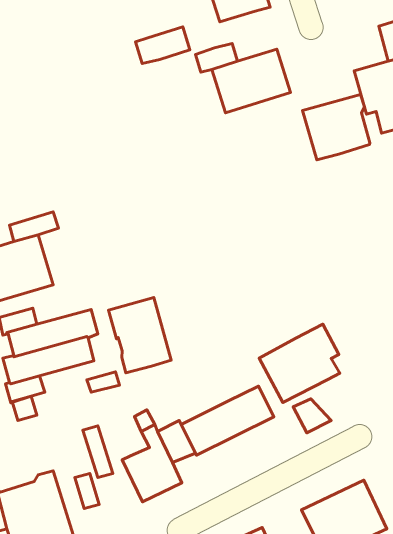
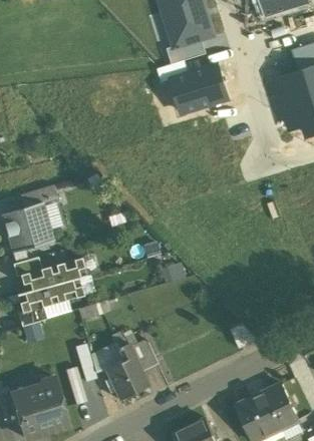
building: [135,27,190,63] -> [167,36,207,63]
building: [303,94,370,160] -> none
building: [108,297,171,373] -> none
building: [259,324,340,403] -> none
building: [181,386,274,455] -> none

